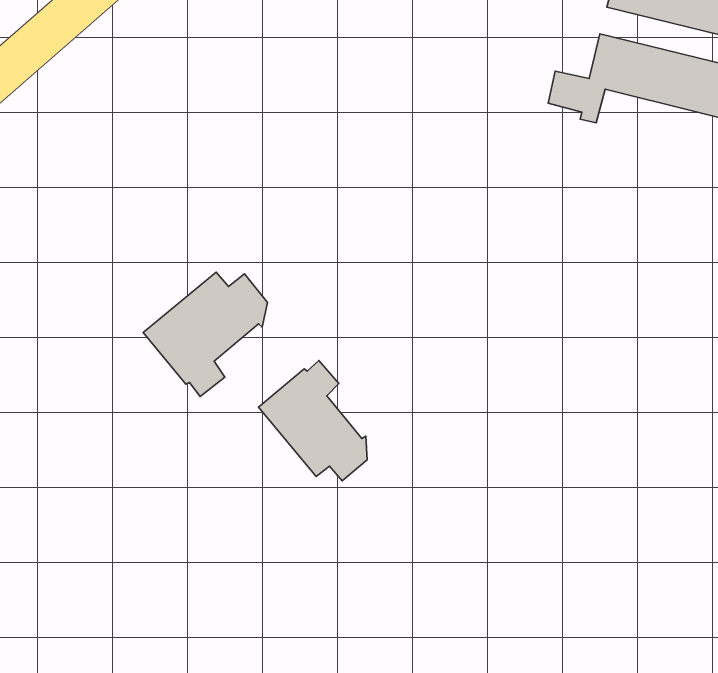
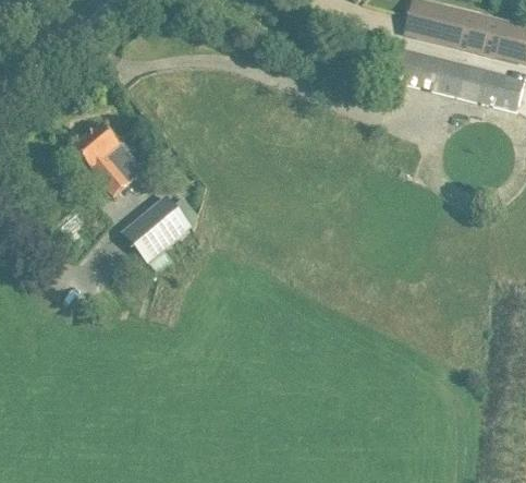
building: none -> [74,125,144,195]
building: [259,361,367,481] -> none

